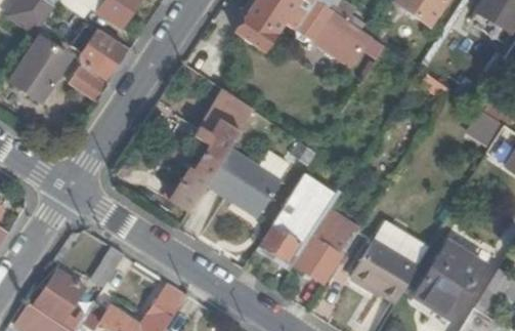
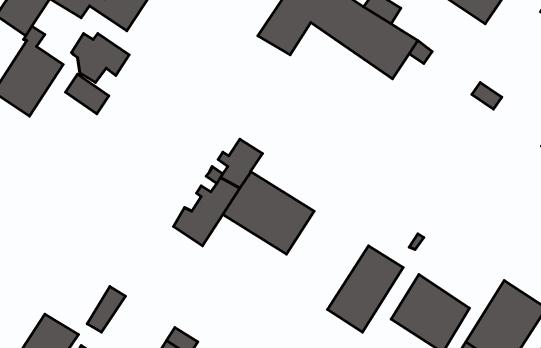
building: [206,95,254,135] -> none
building: [261,178,330,261] -> none
building: [373,217,428,265] -> none

